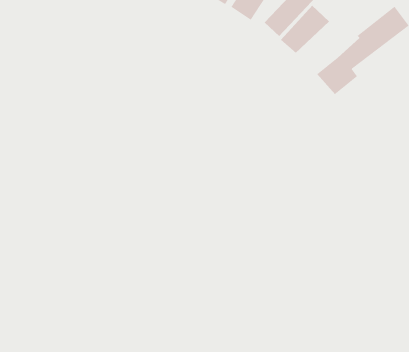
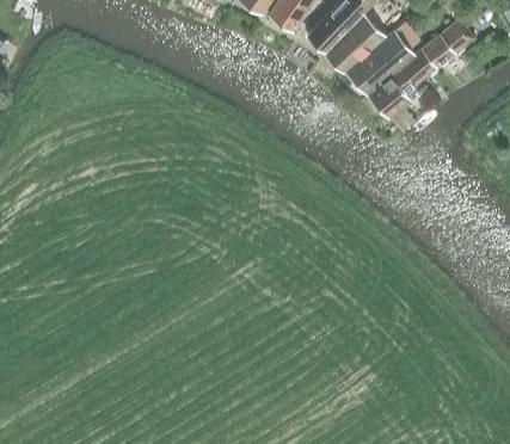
building: none -> [346,29,417,95]

